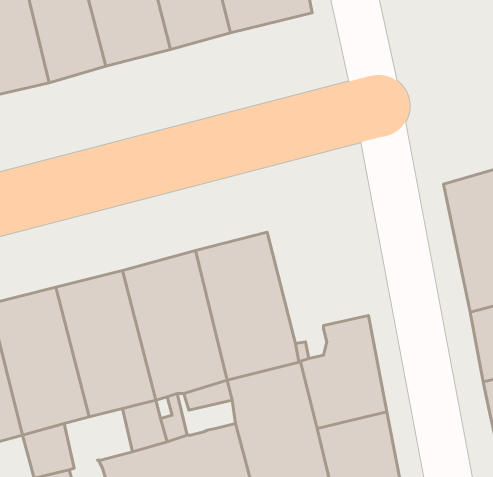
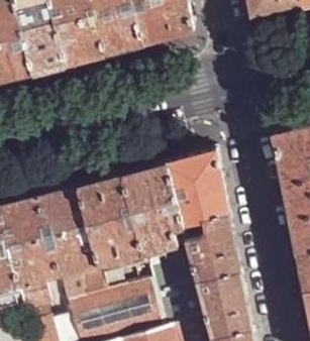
building: none -> [167,152,228,229]

